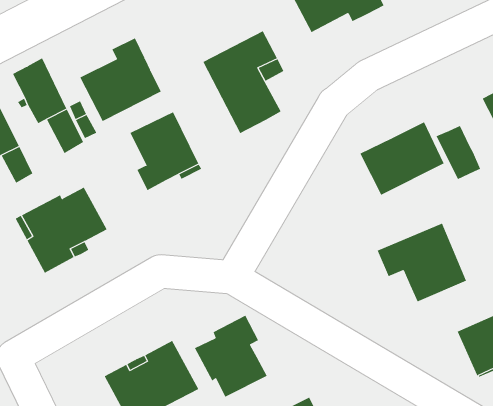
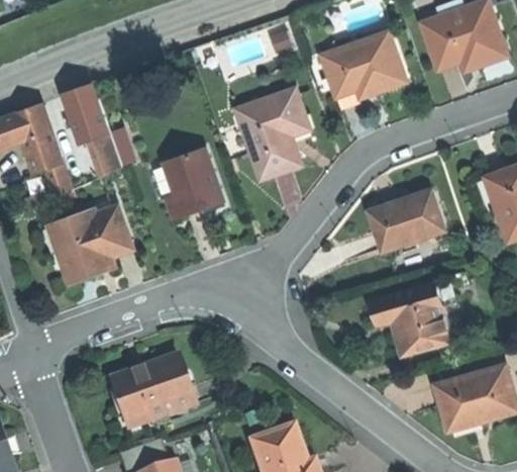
building: [79,37,161,122] -> none
building: [436,125,481,180] -> none
building: [194,315,268,398] -> none

